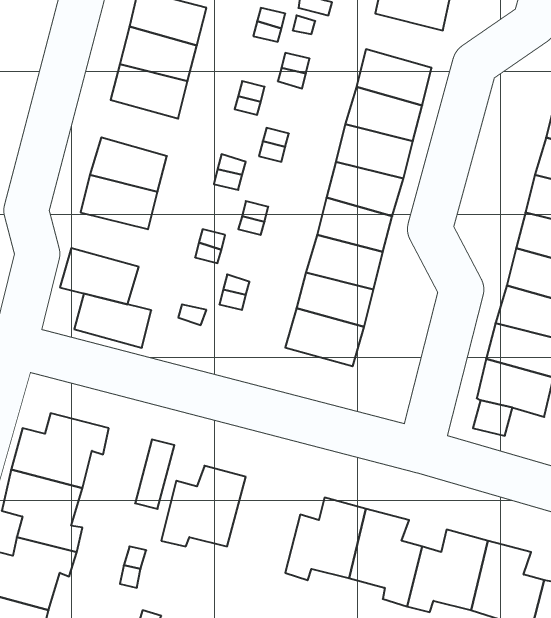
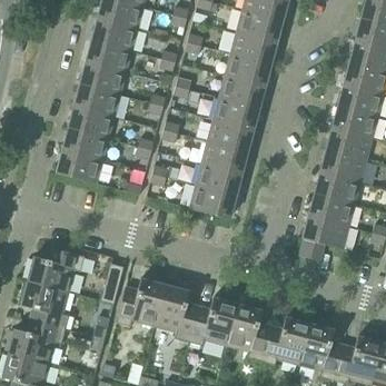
building: none -> [237,10,283,42]
building: none -> [80,61,126,95]
building: [74,293,151,348] -> [62,128,108,160]
building: none -> [155,285,198,342]

